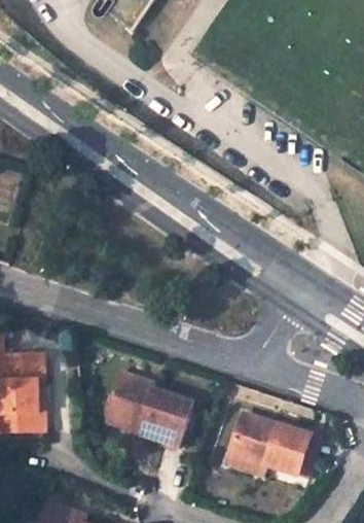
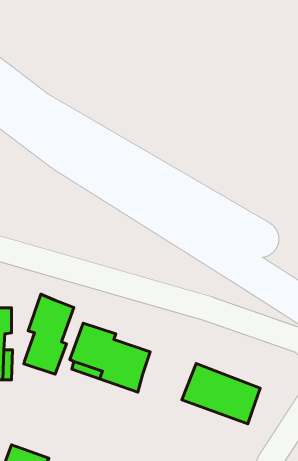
building: none -> [24,294,74,374]

